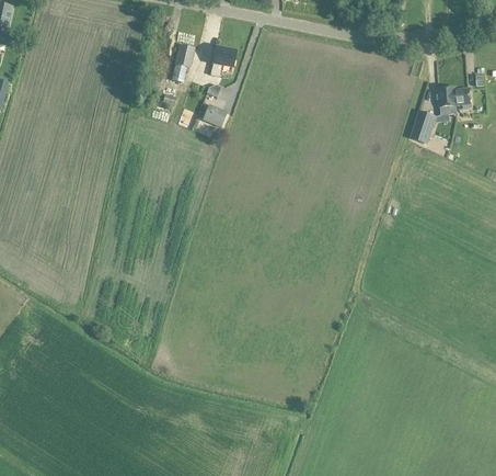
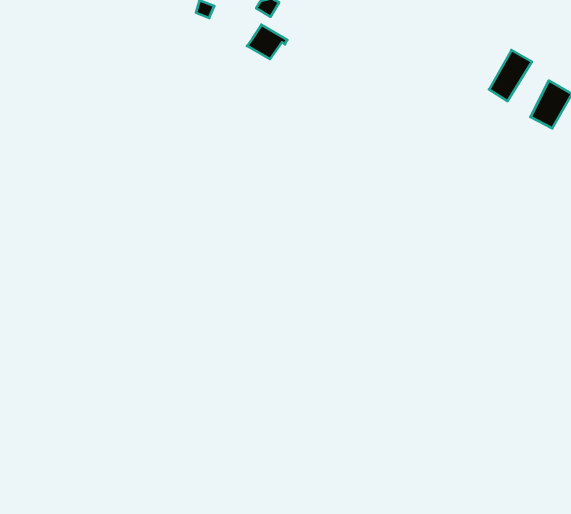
building: none -> [489,50,532,101]

